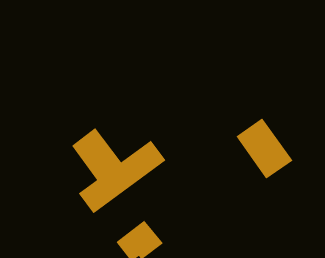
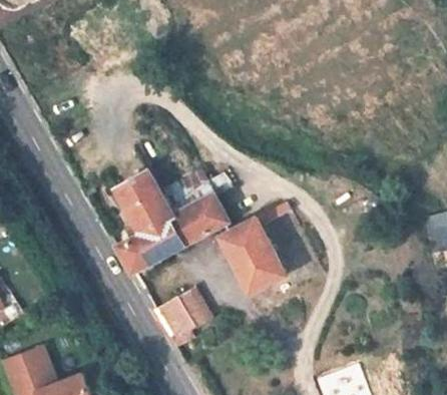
building: [235,118,294,179] -> [220,220,286,294]

